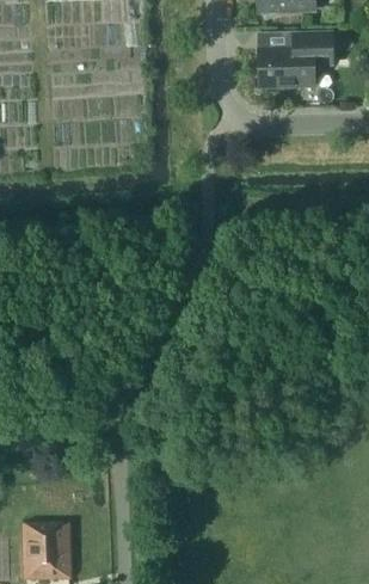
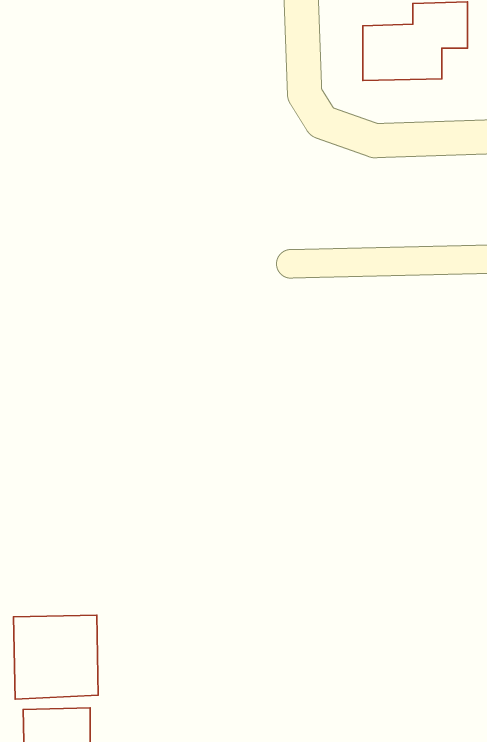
building: none -> [14,615,98,699]

